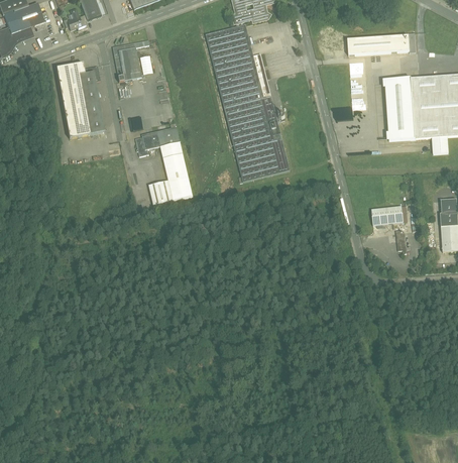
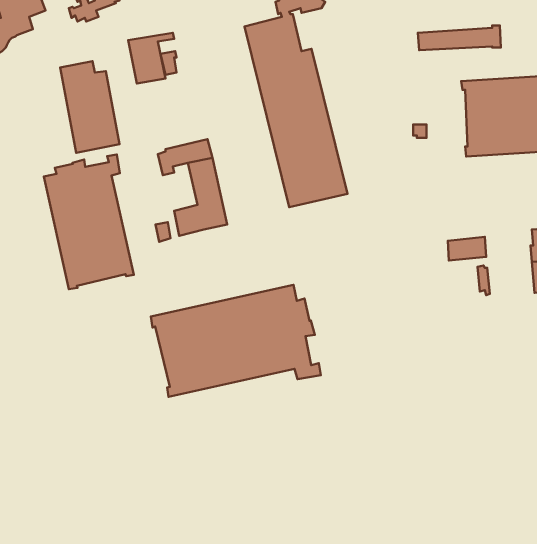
building: none -> [44,155,134,289]
building: none -> [151,285,321,397]

